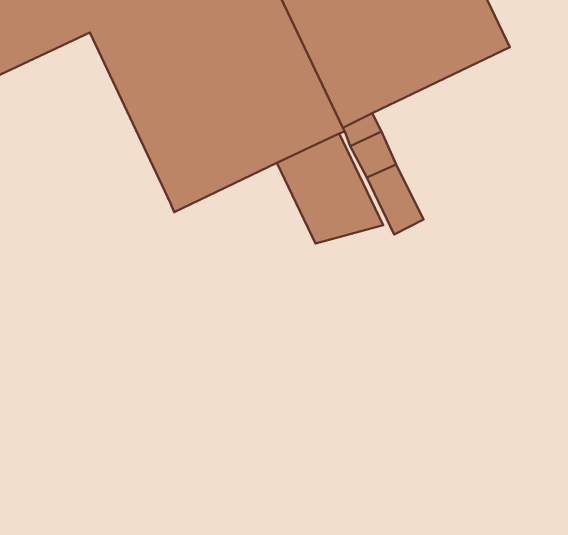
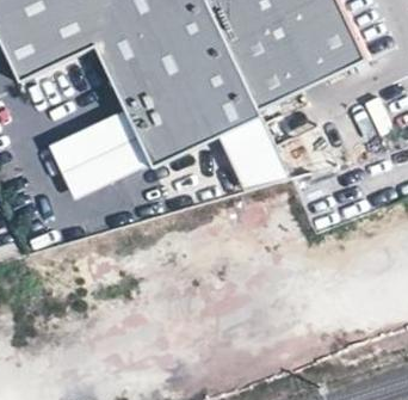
building: none -> [45,111,144,196]

